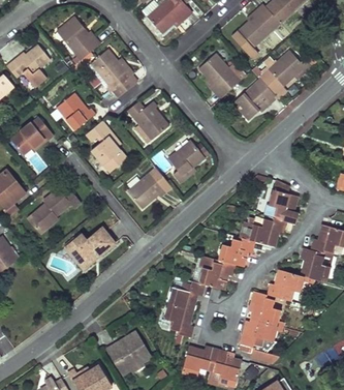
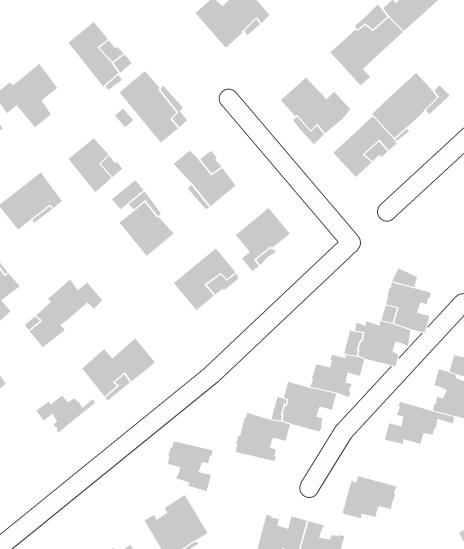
building: none -> [35,394,96,433]
building: [249,291,280,326] -> none
building: [163,303,194,337] -> [167,441,214,492]

